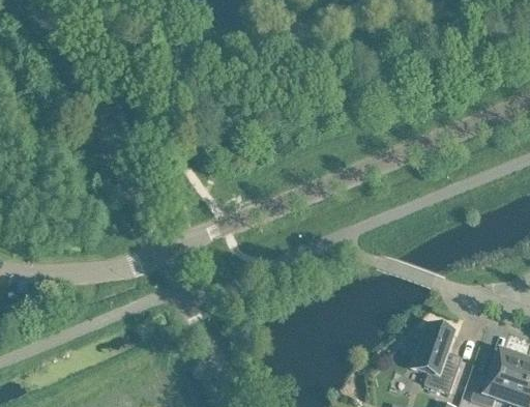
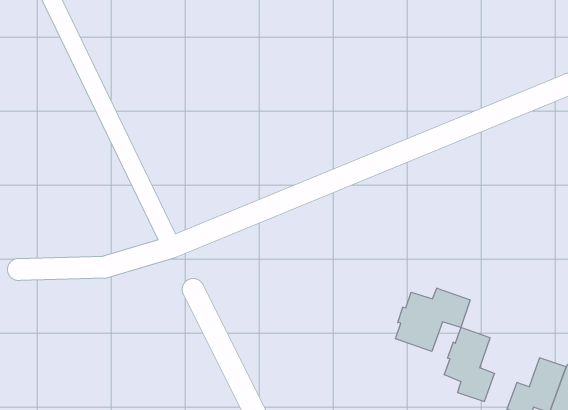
building: none -> [396,288,470,351]

